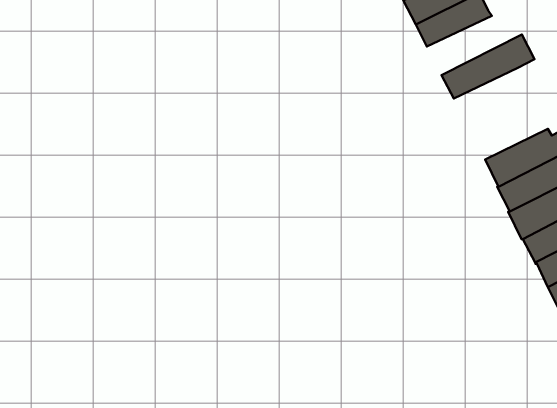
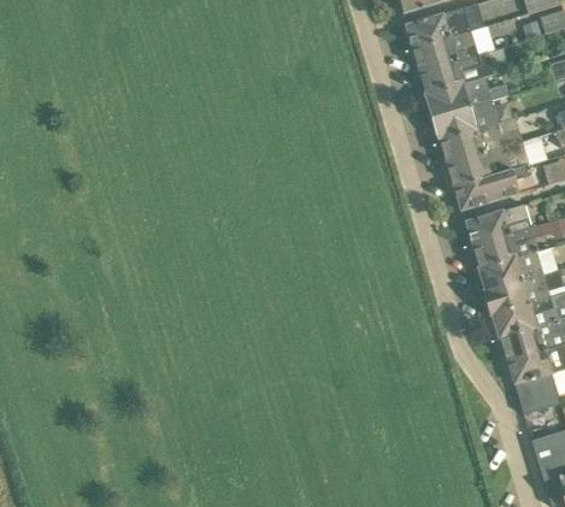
building: none -> [437,119,520,163]
building: none -> [453,167,519,210]
building: none -> [465,204,529,241]

